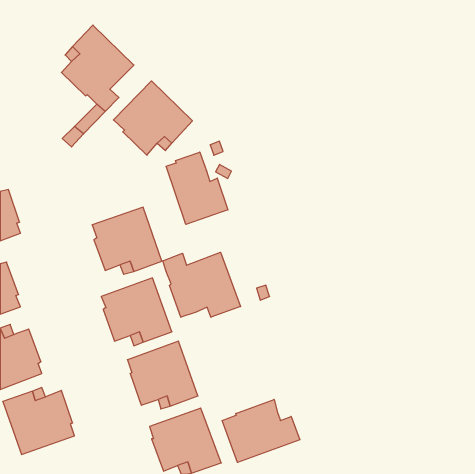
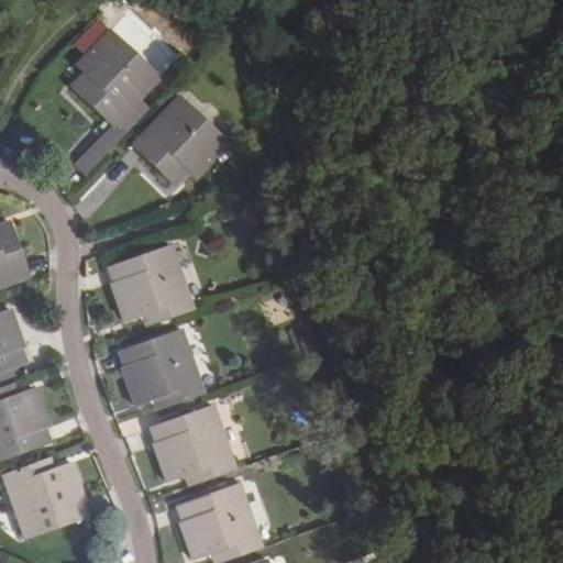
building: [166,152,228,224] -> none
building: [163,252,241,317] -> none
building: [222,399,300,462] -> none

